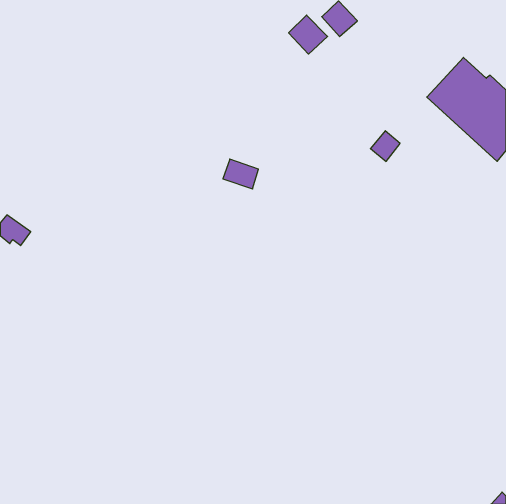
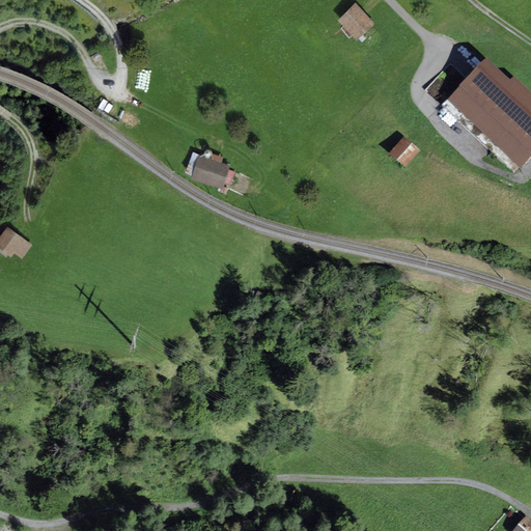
building: [289,15,328,54] -> none
building: [223,159,258,189] -> [194,153,231,185]

